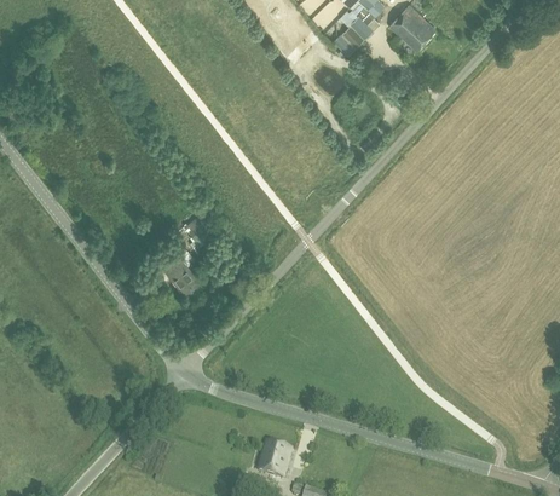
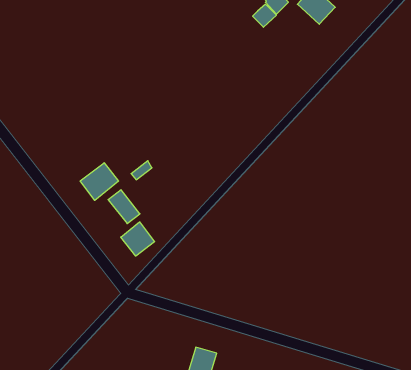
building: none -> [80,163,119,200]
building: none -> [121,222,155,256]

